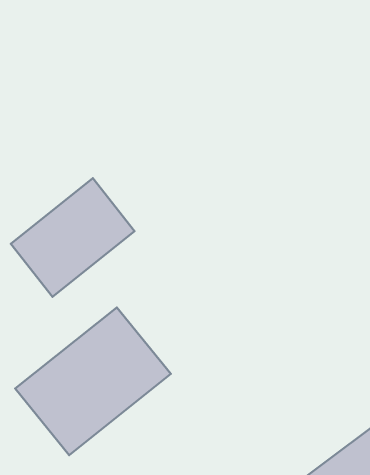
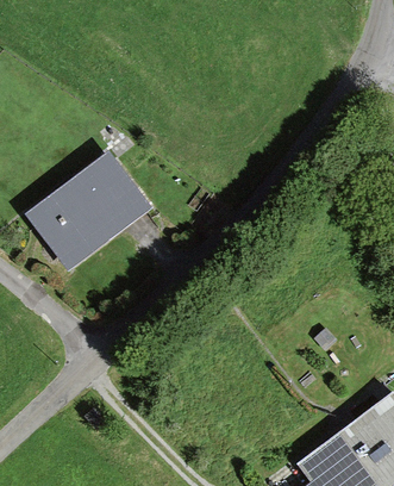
building: [15,307,171,455] -> none

